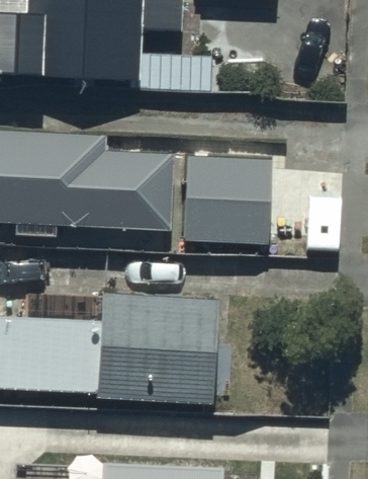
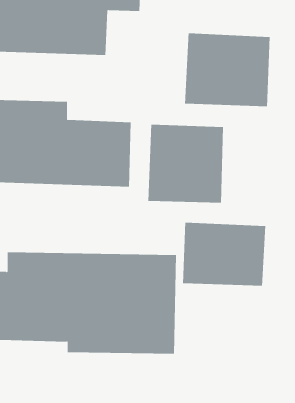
building: none -> [185,33,270,107]
building: none -> [182,222,266,287]

